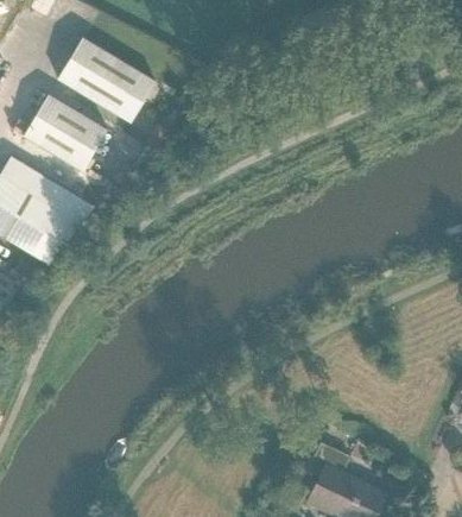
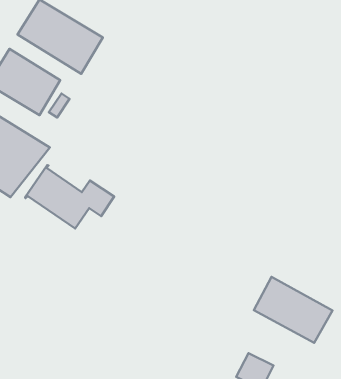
building: none -> [25,165,114,228]
building: none -> [254,277,333,343]

